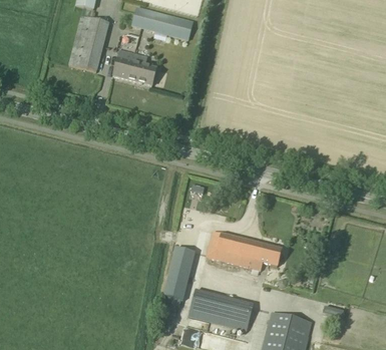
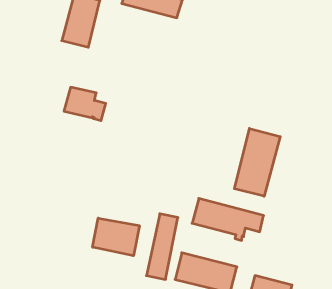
building: [112,50,156,85] -> [64,87,106,121]
building: none -> [234,128,280,196]
building: none -> [93,218,139,256]

